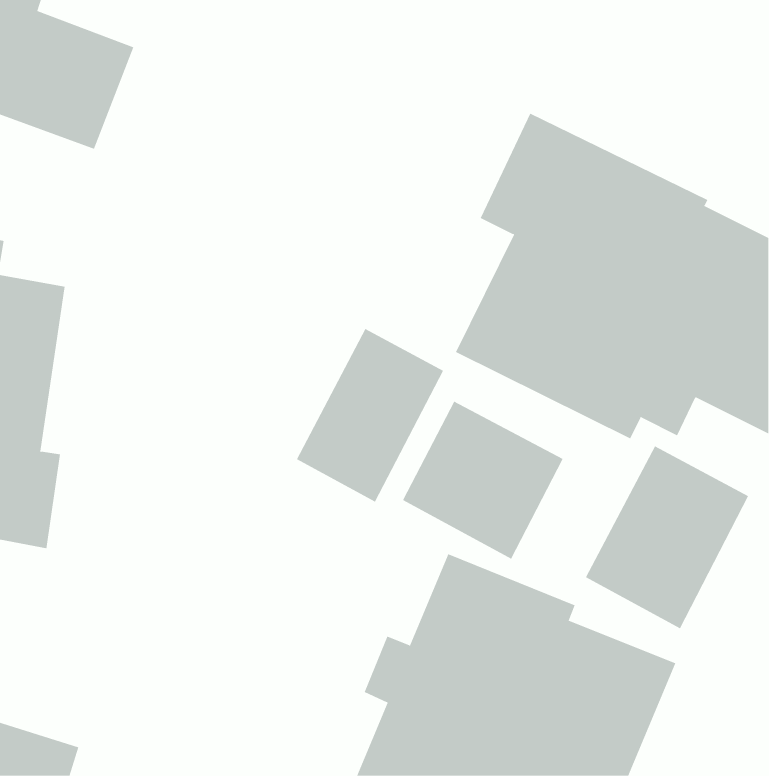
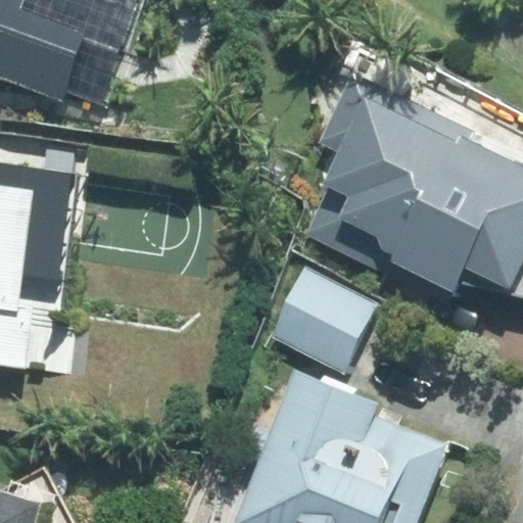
building: [296,328,444,503] -> none
building: [585,446,749,629] -> none

